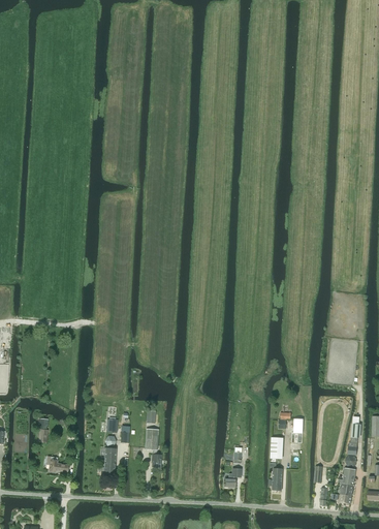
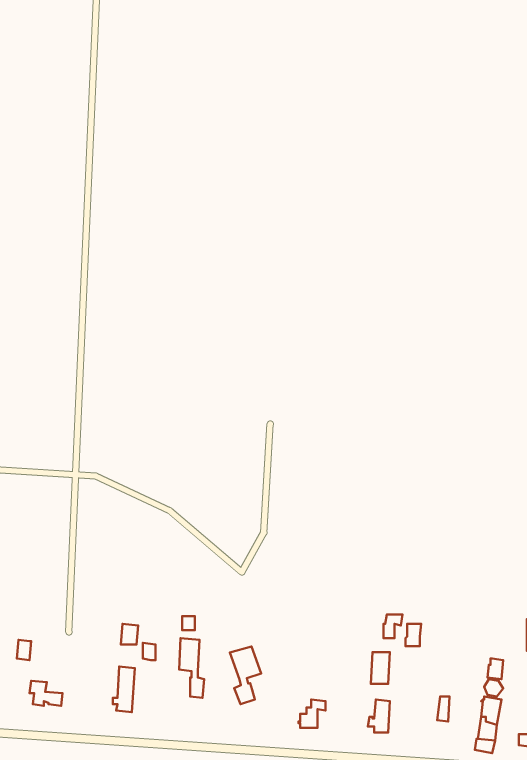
building: none -> [230,646,261,704]

